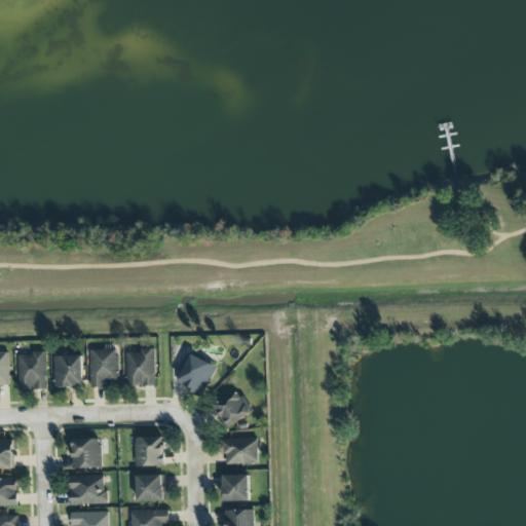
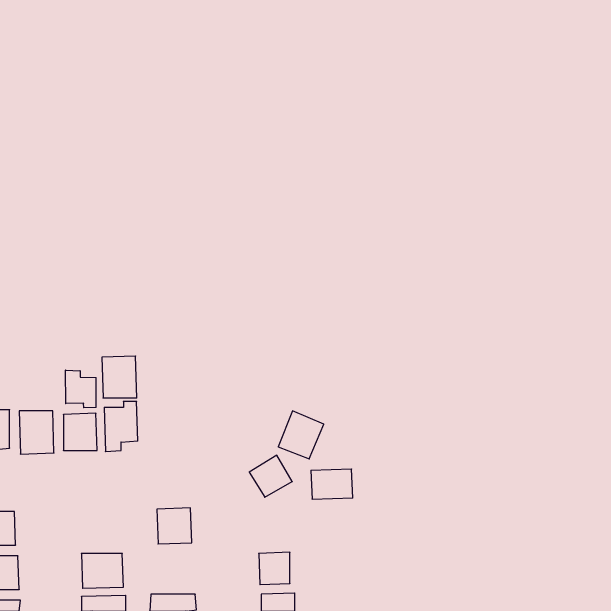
building: none -> [66,370,96,408]
building: [125,349,155,385] -> [102,356,137,398]
building: [177,353,216,394] -> [278,411,324,459]
building: [70,438,101,467] -> none
building: [222,438,258,463] -> [311,469,353,499]
building: [136,474,167,501] -> none

